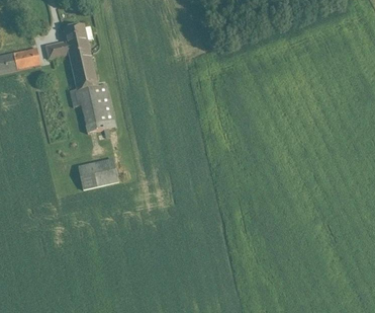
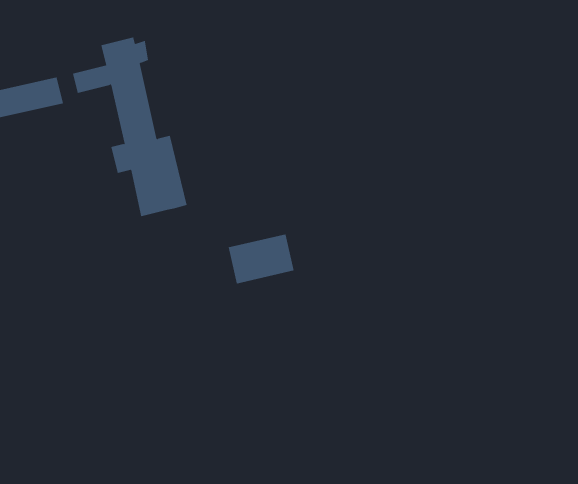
building: [78,158,118,188] -> [228,234,295,284]

